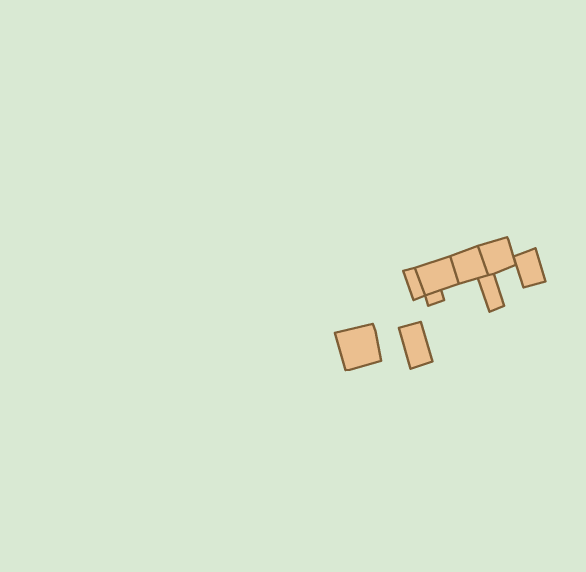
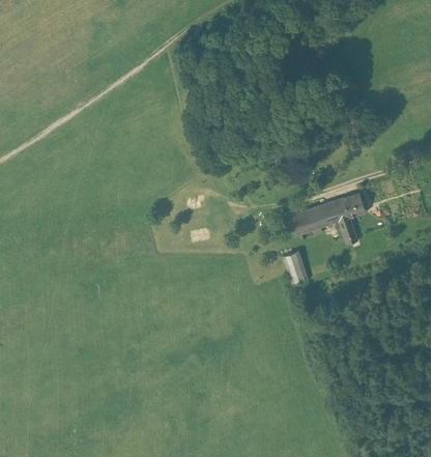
building: [513,248,545,287] -> none
building: [335,324,381,370] -> none

